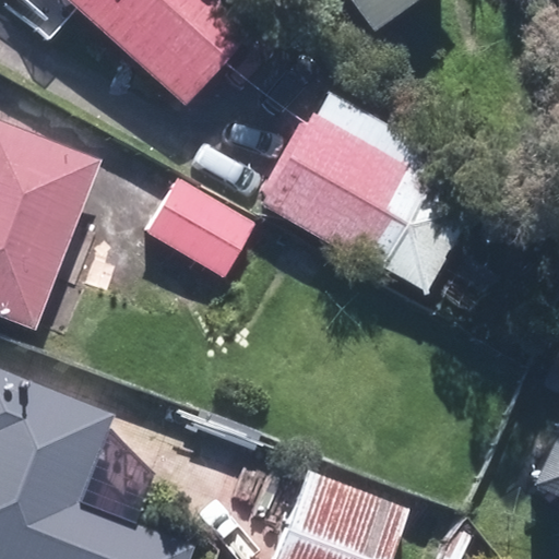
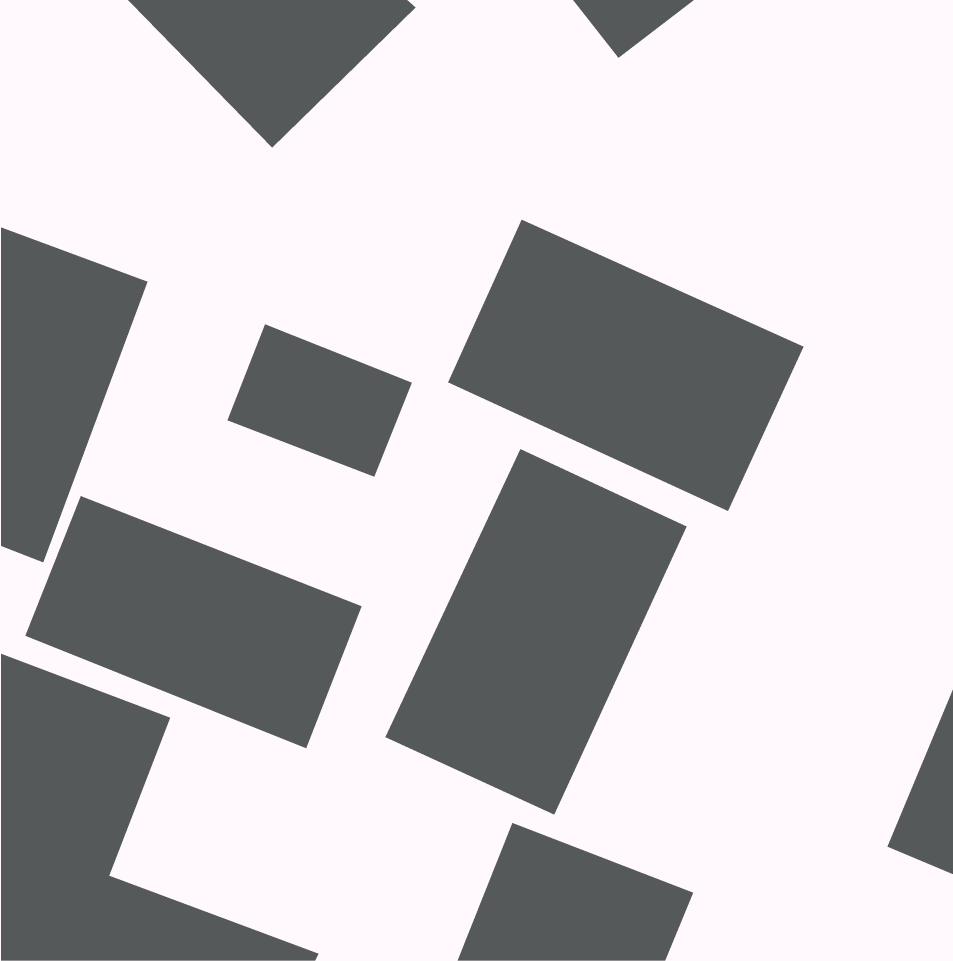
building: none -> [384,448,687,816]
building: none -> [24,495,363,749]

